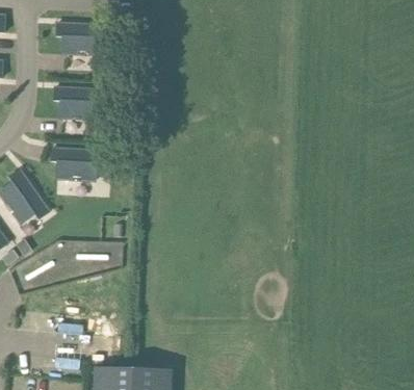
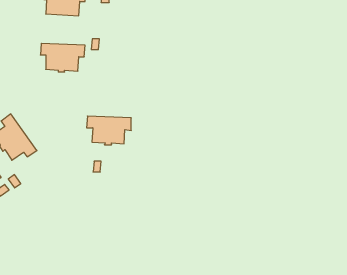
building: [49,149,101,182] -> [87,116,131,145]

